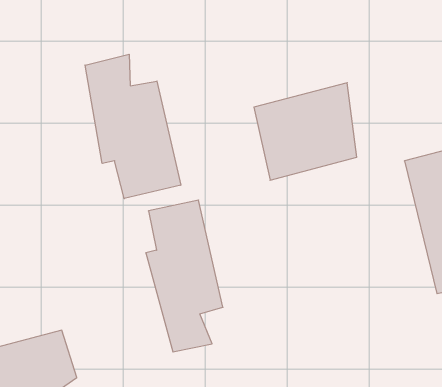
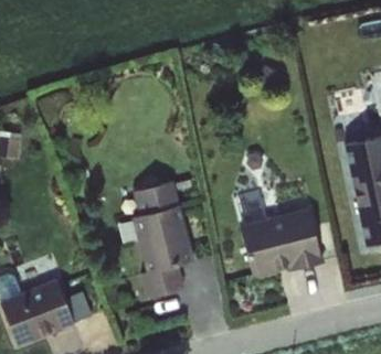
building: [85,54,181,199] -> none
building: [254,83,357,180] -> [235,202,319,281]

